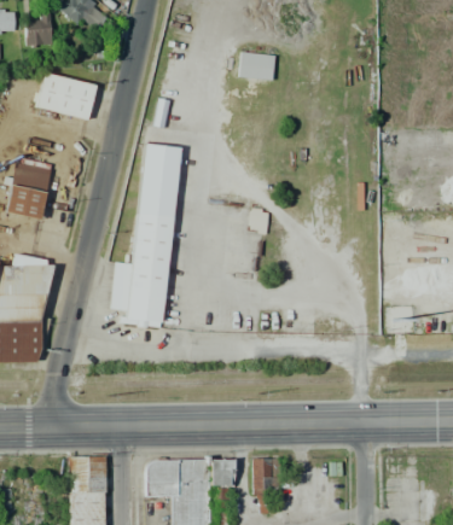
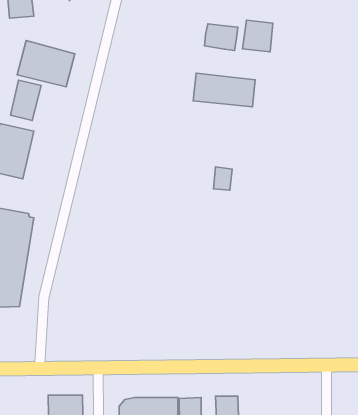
building: none -> [242,20,273,52]
building: none -> [193,73,255,107]
building: none -> [11,80,41,120]
building: [109,145,176,328] -> none

